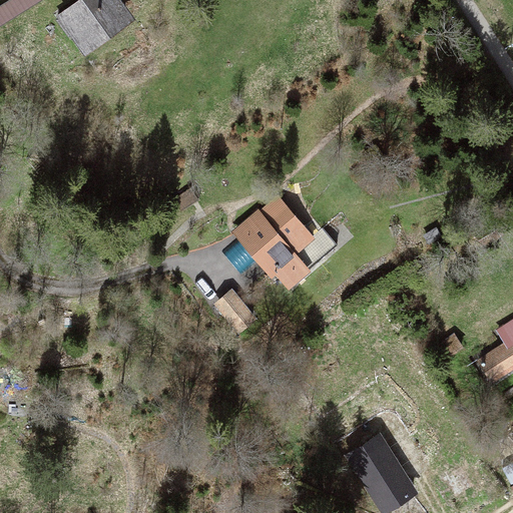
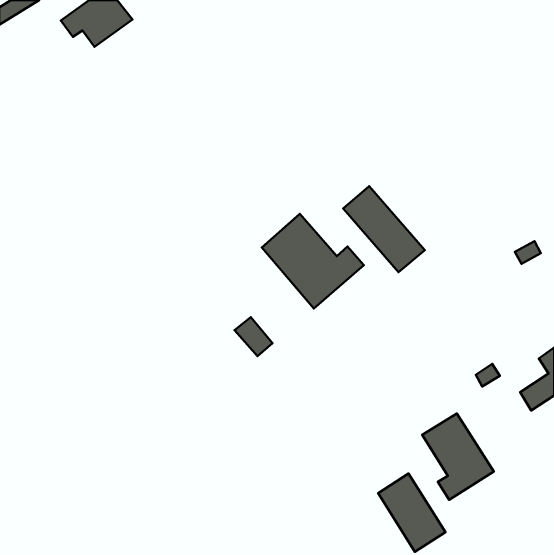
building: none -> [343,186,425,272]
building: none -> [422,414,494,500]

